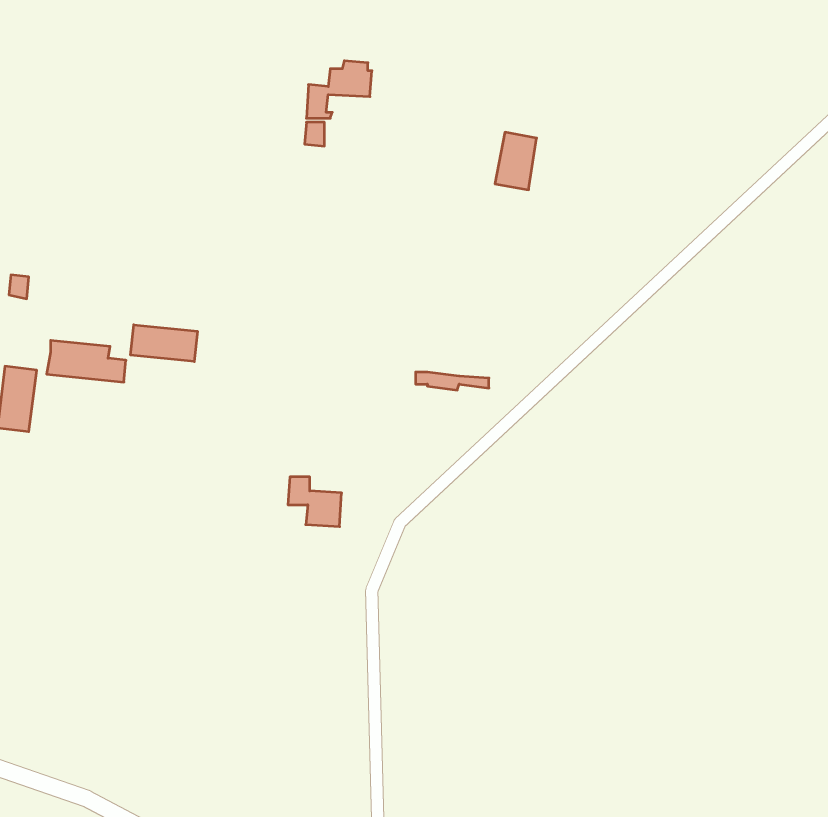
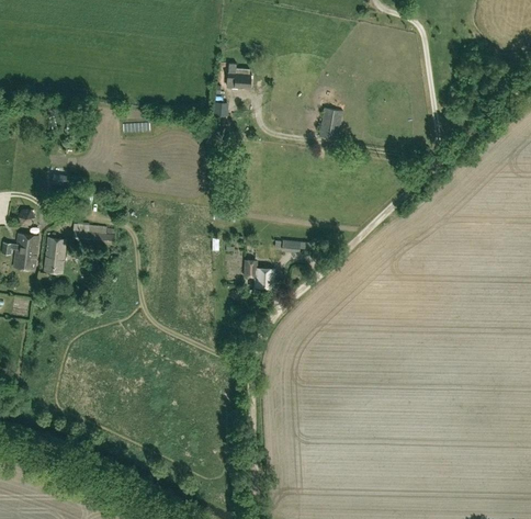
building: [131,325,197,362] -> none
building: [288,477,342,527] -> [245,260,274,287]

